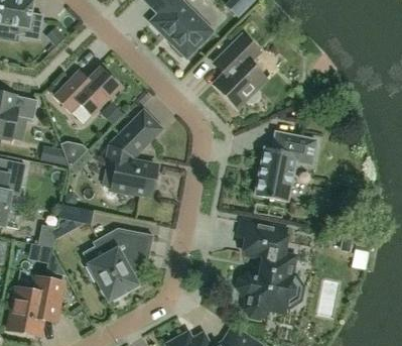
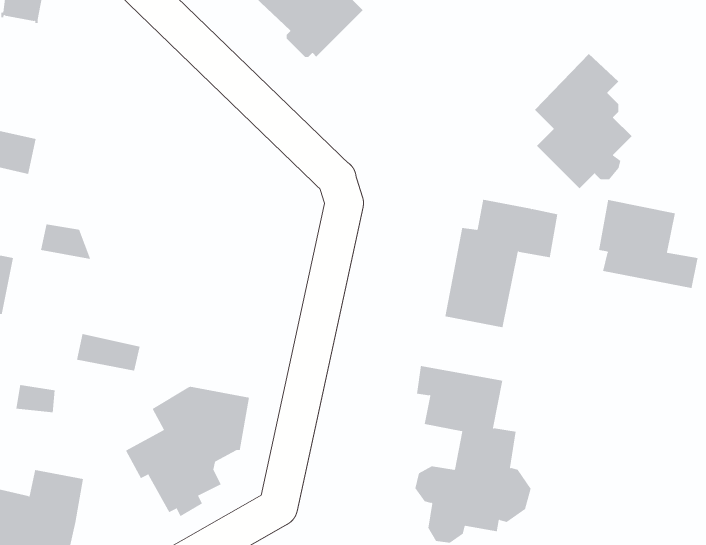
building: [213,34,265,107] -> [534,53,632,189]
building: [54,68,119,115] -> none
building: [105,110,161,195] -> none
building: none -> [598,199,698,289]

